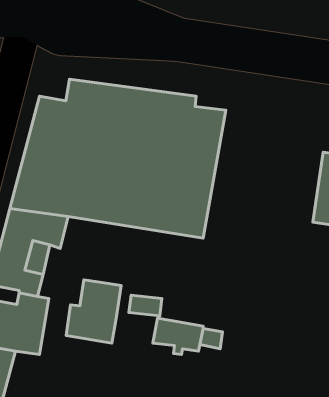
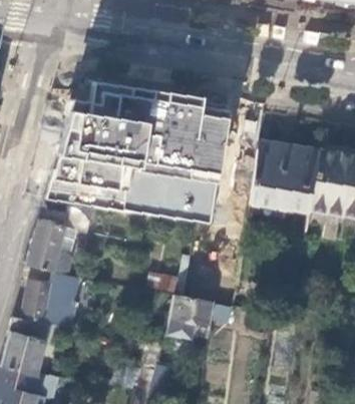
building: none -> [249,139,318,213]
building: [66,280,121,343] -> none

